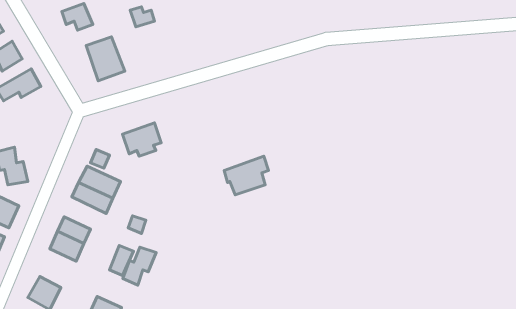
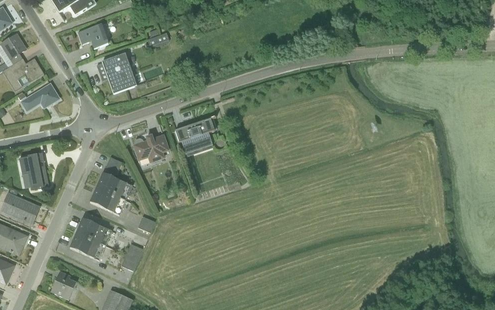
building: [224,156,268,195] -> [174,118,214,153]
building: [123,247,156,285] -> none

